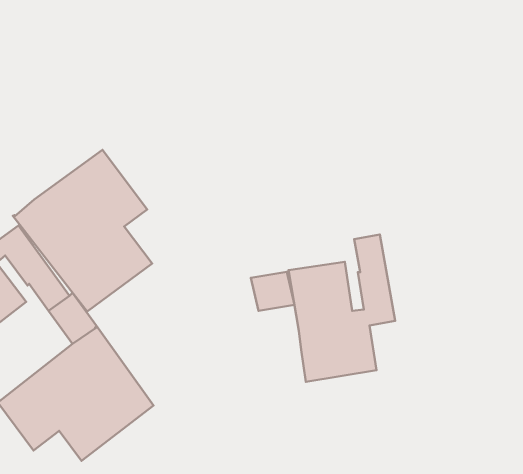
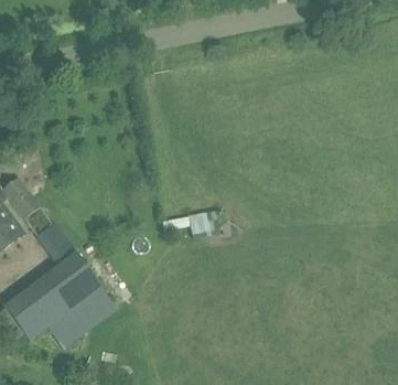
building: [13,150,152,312] -> none
building: [288,235,395,382] -> none

